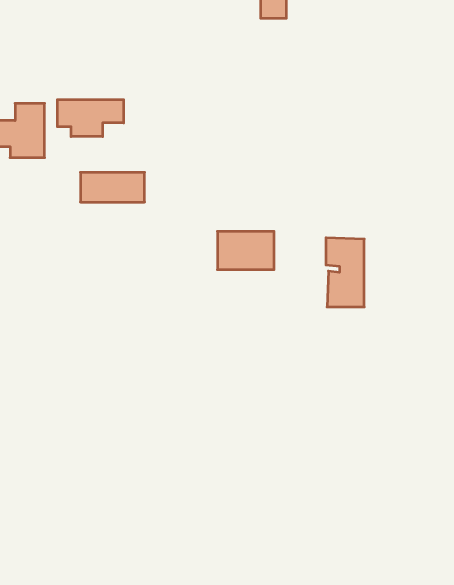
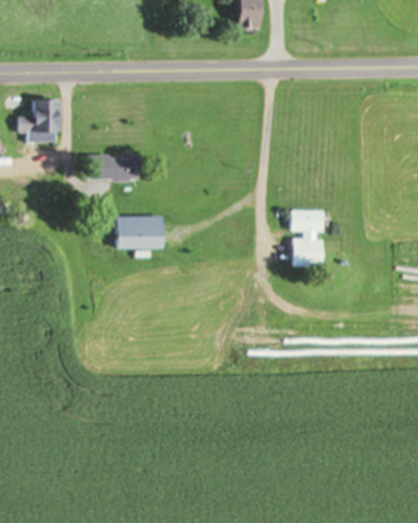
building: [57,100,124,137] -> none
building: [217,231,274,270] -> [117,217,164,248]

